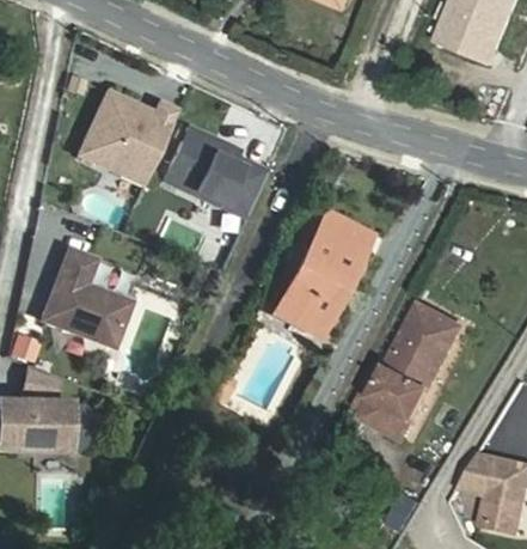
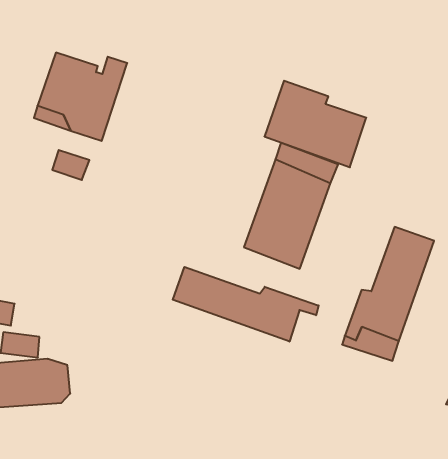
building: [161,126,265,219] -> [264,81,366,167]
building: [44,249,129,342] -> none
building: none -> [173,267,319,342]

